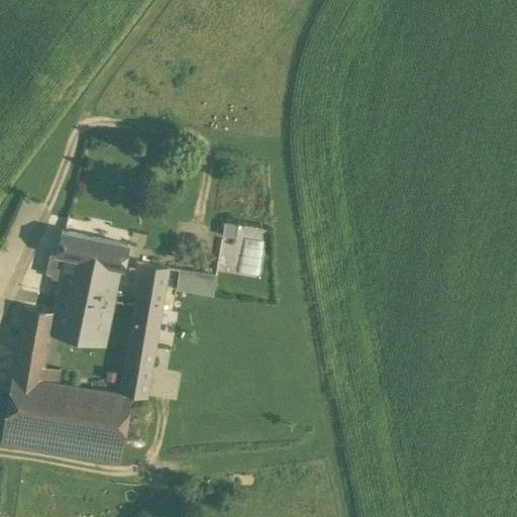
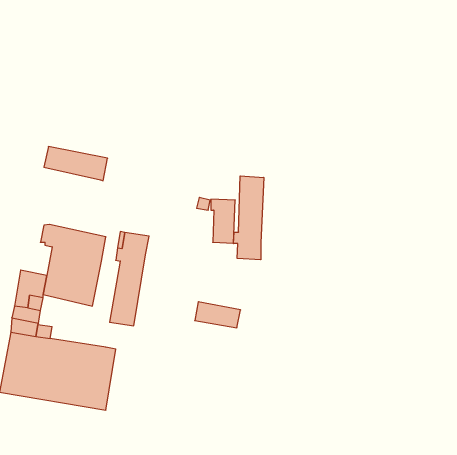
building: none -> [233,176,264,260]
building: [56,233,127,272] -> [44,147,108,181]
building: [164,270,215,299] -> [195,302,241,328]
building: [119,367,150,400] -> none

